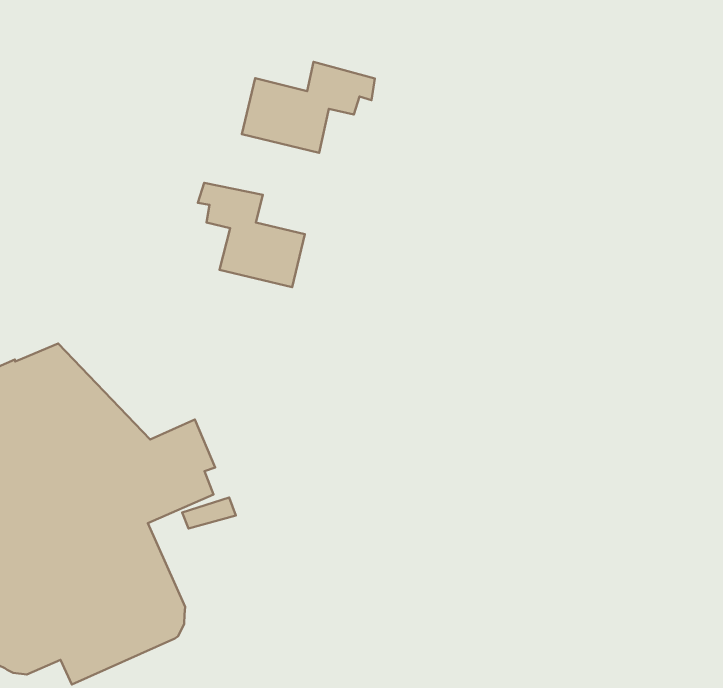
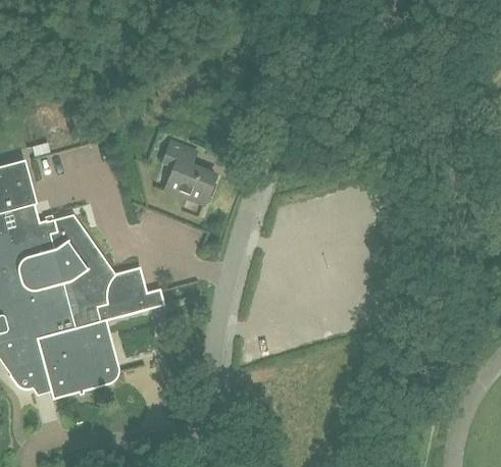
building: [242,62,375,153] -> none

